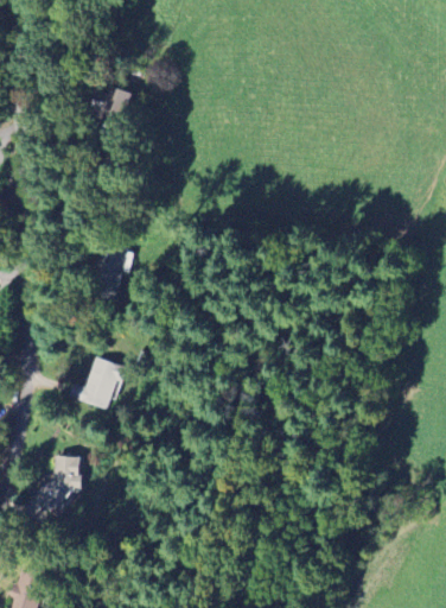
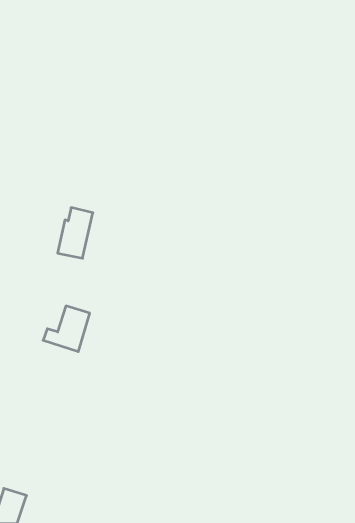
building: [87,86,129,122] -> none
building: [33,456,81,514] -> none

